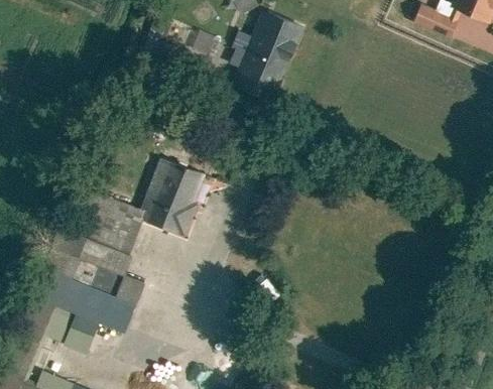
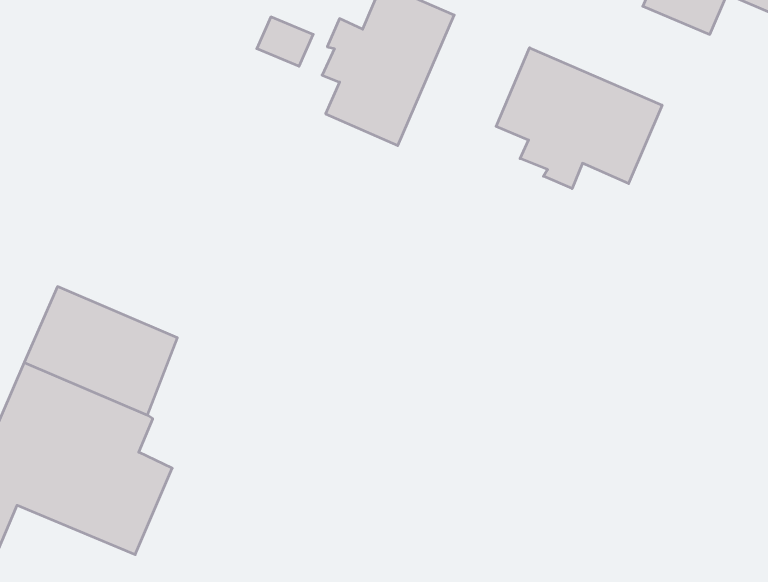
building: none -> [496,48,662,189]
building: [141,156,208,235] -> none

